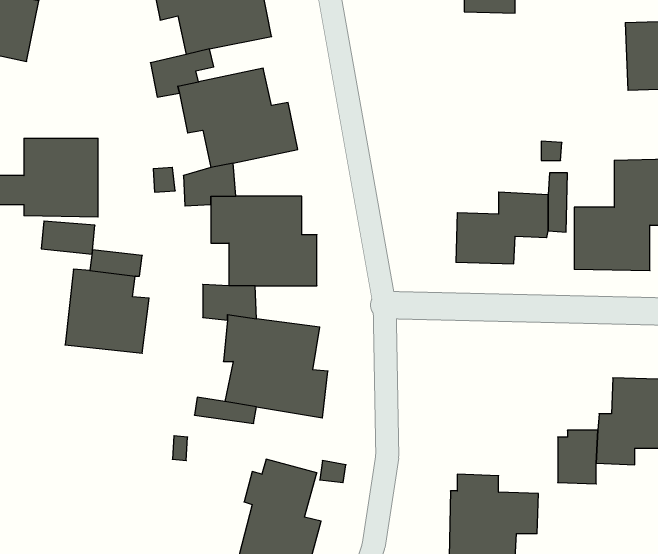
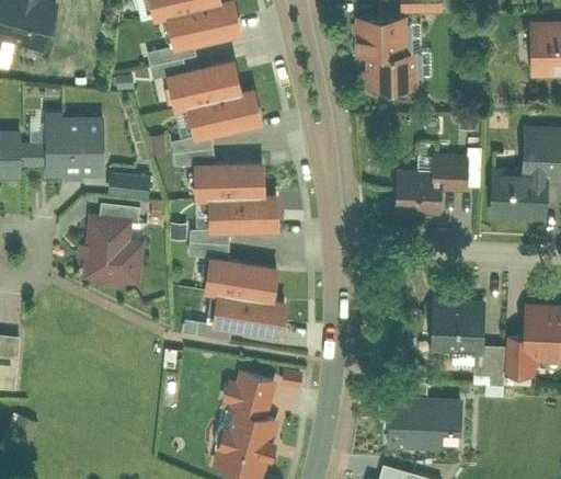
building: none -> [352,16,413,92]
building: [41,221,95,254] -> [108,173,151,199]
building: none -> [425,306,480,353]

